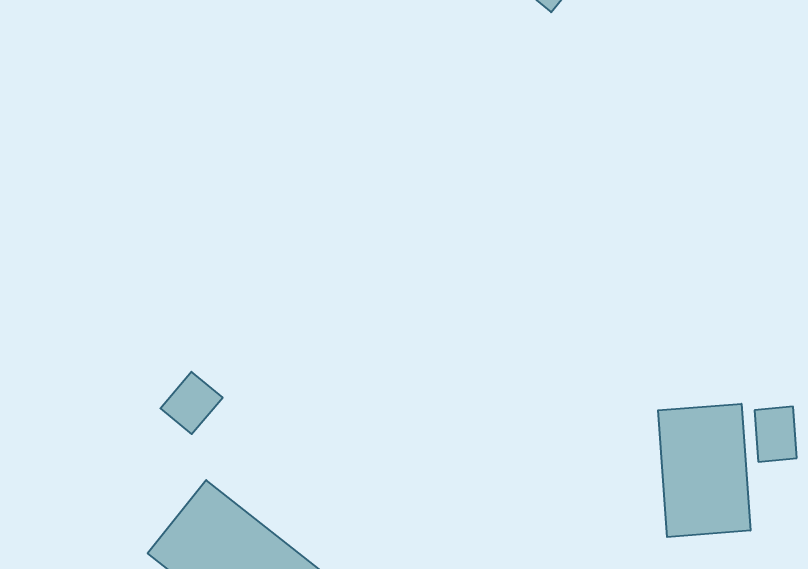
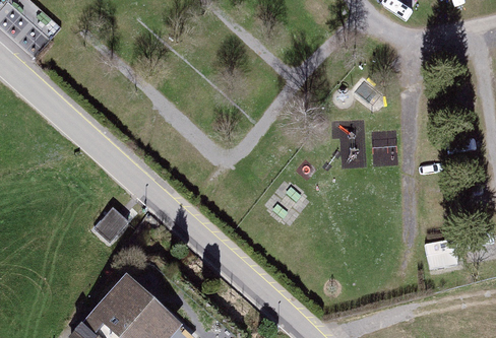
building: [658,404,750,537] -> none

